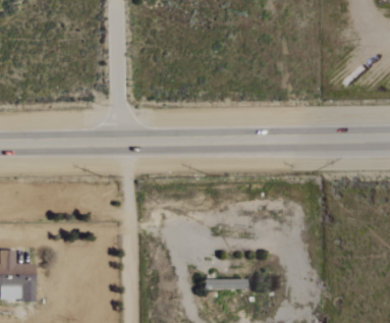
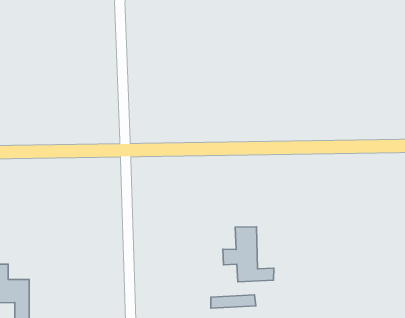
building: none -> [223,227,274,282]

